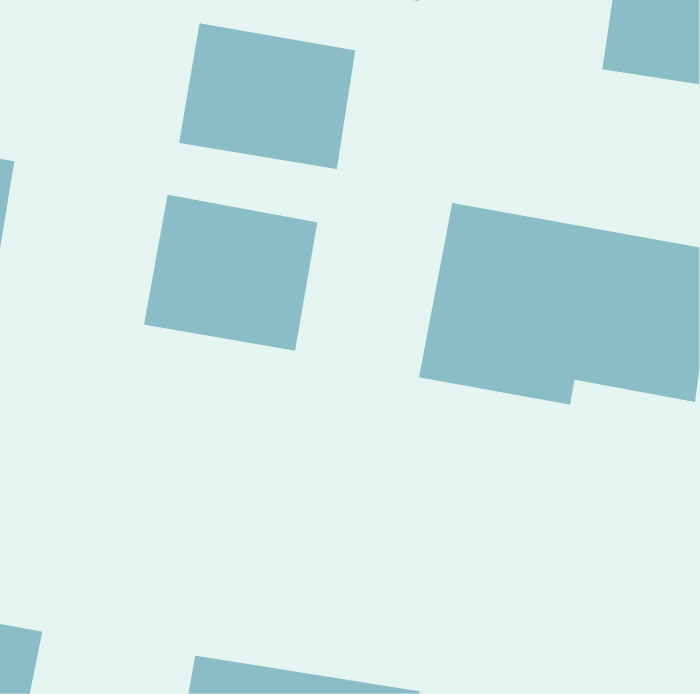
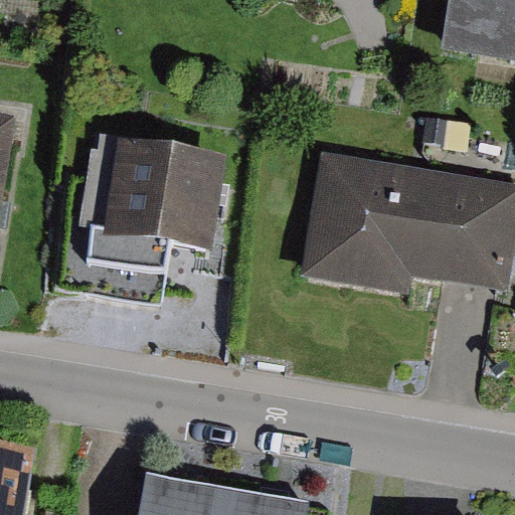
building: [178,23,356,170] -> none

